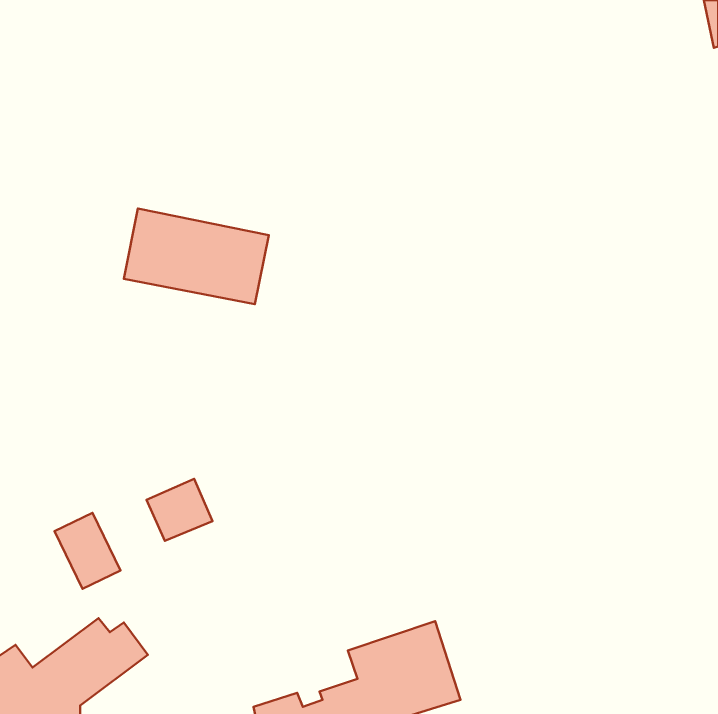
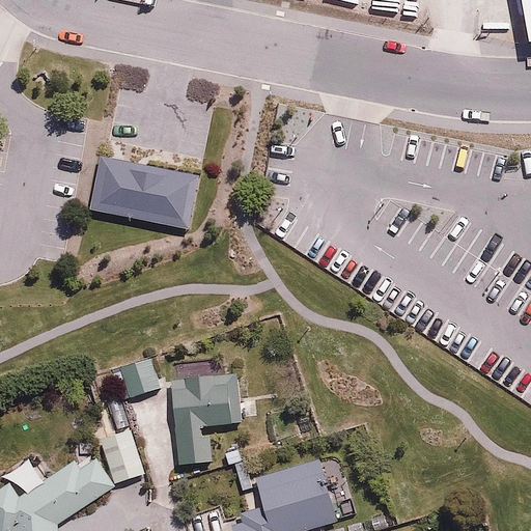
building: none -> [171,366,243,467]
building: [54,513,121,589] -> [96,428,145,484]

